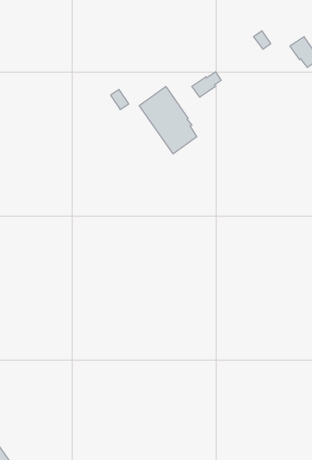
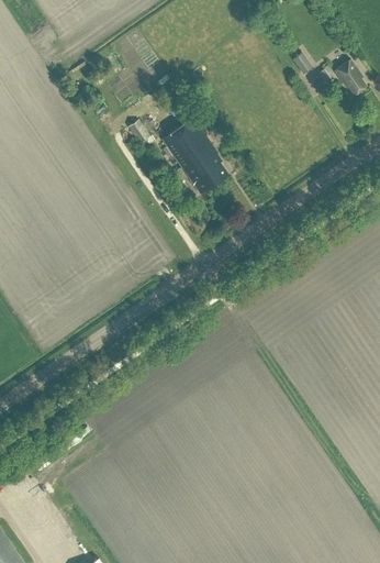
building: [192,72,221,97] -> none

